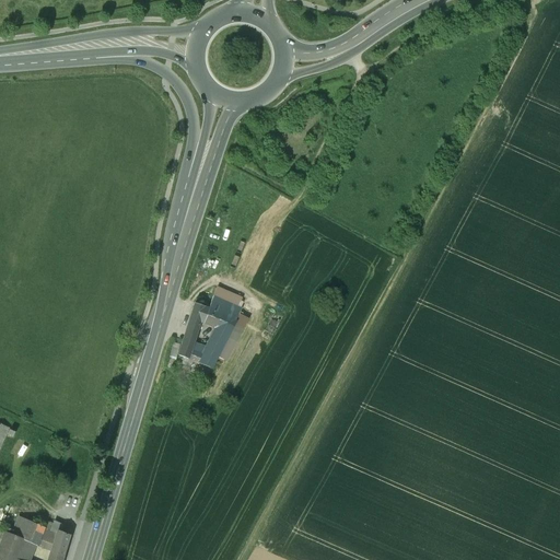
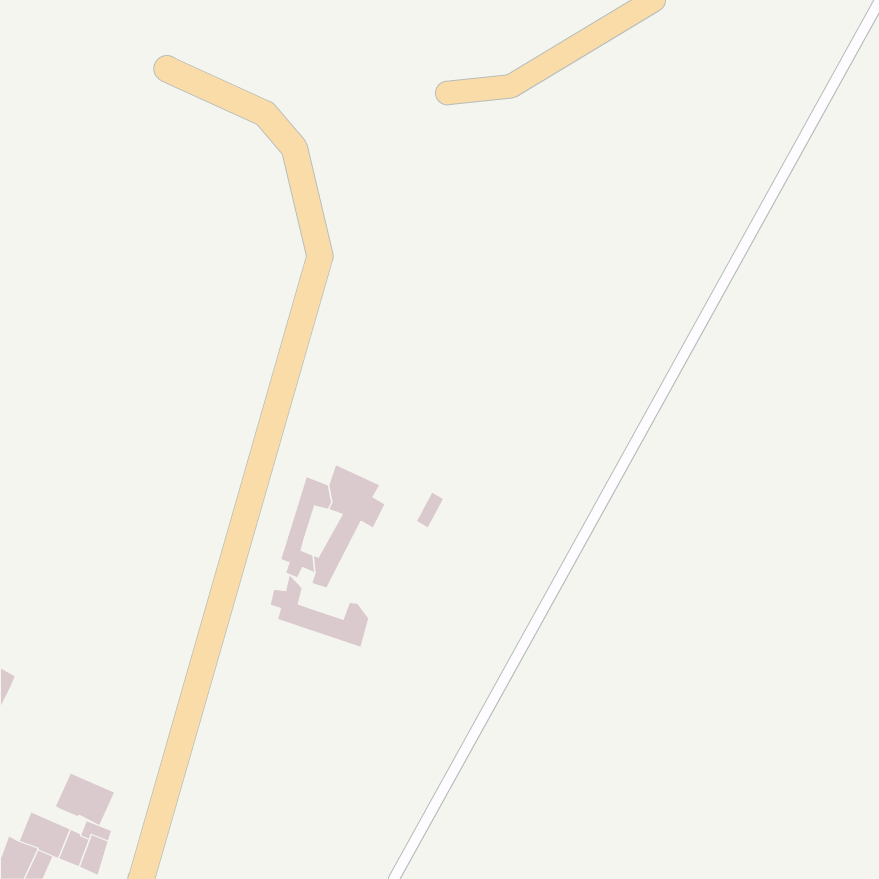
building: none -> [270,575,369,647]
building: none -> [55,773,115,826]

